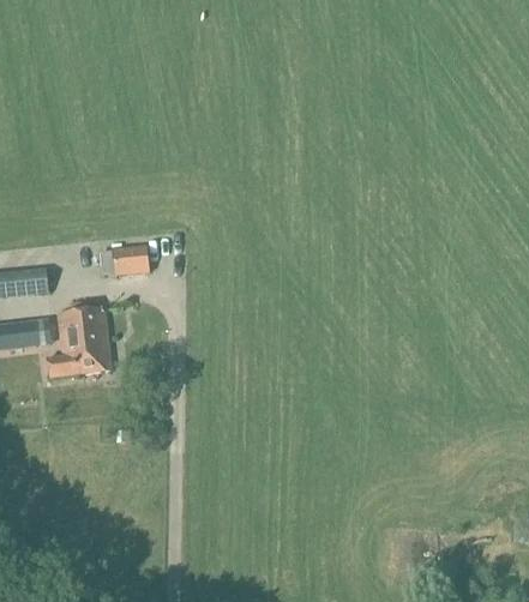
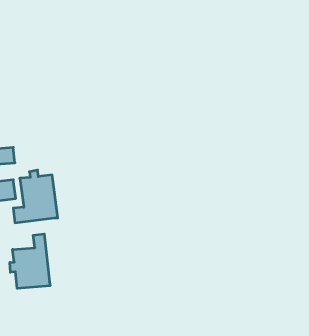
building: [112,243,149,273] -> none
building: none -> [10,234,50,288]

